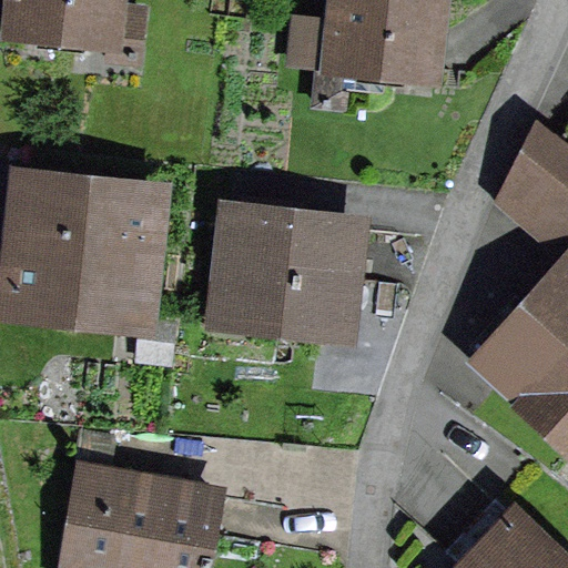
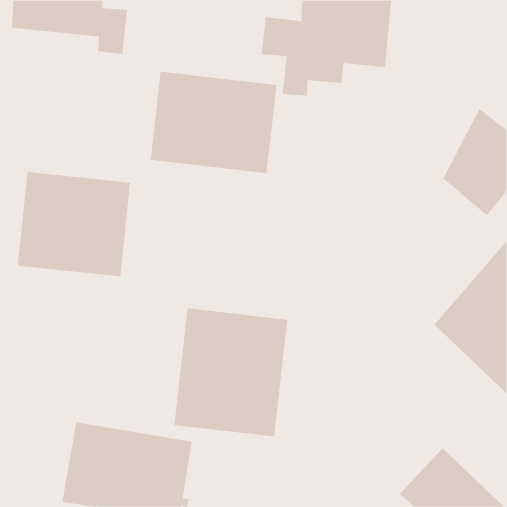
building: none -> [150,71,277,174]
building: [224,214,351,327] -> none
building: none -> [174,308,288,437]

